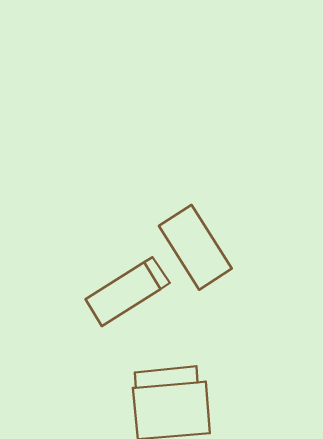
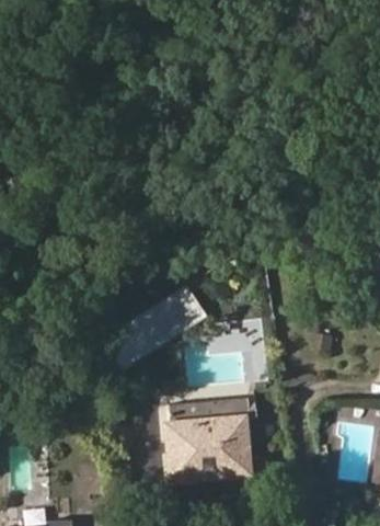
building: [159,205,232,290] -> none

